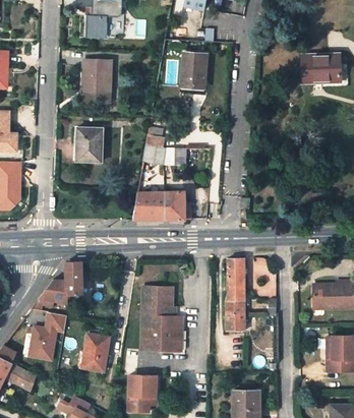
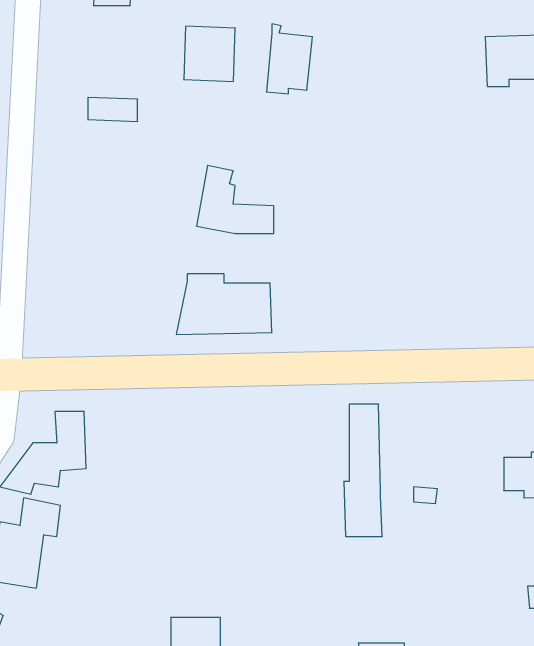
building: [82,59,111,89] -> [184,26,235,81]
building: [77,127,103,161] -> none
building: [139,287,179,351] -> none
building: [83,334,108,371] -> none

